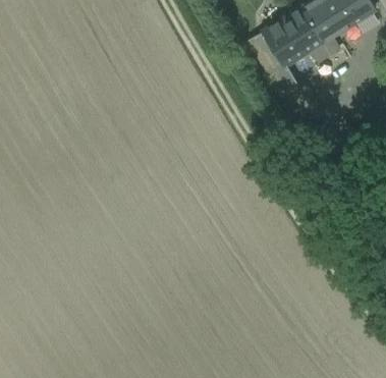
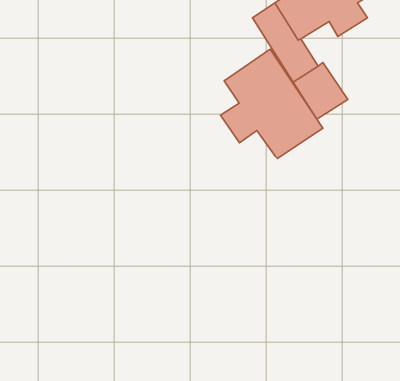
building: none -> [220,49,323,159]

